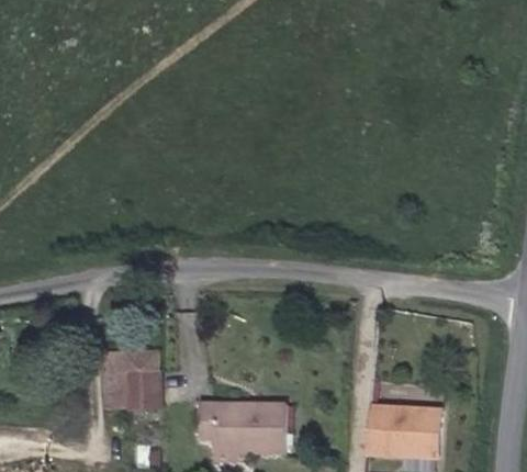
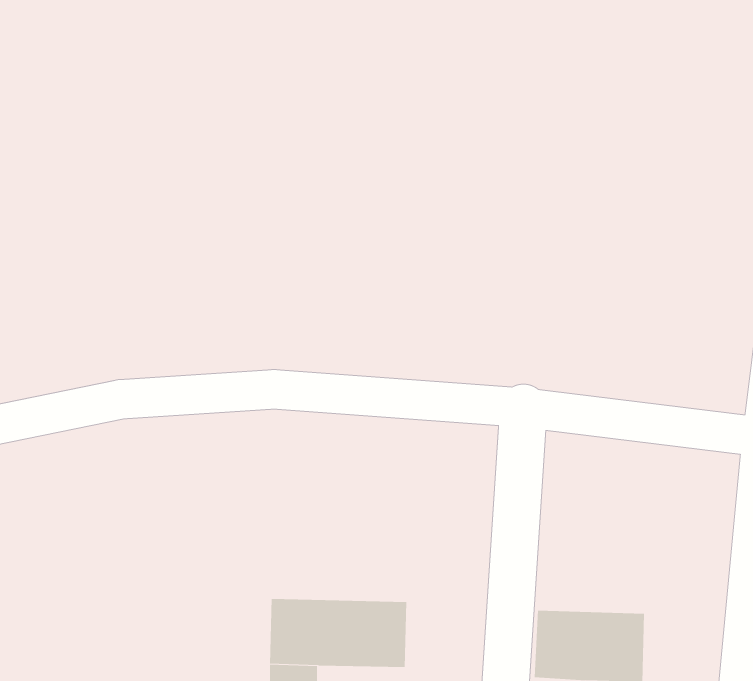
building: [103,347,158,405] -> none

